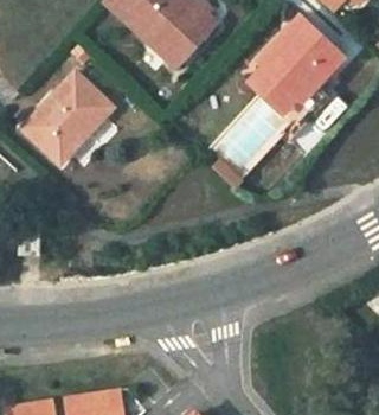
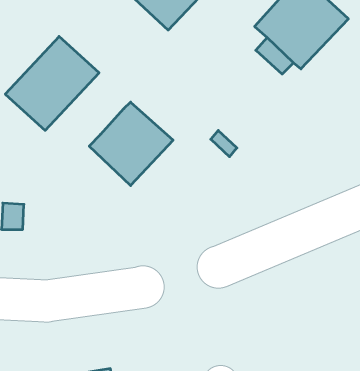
building: none -> [89,102,173,186]

